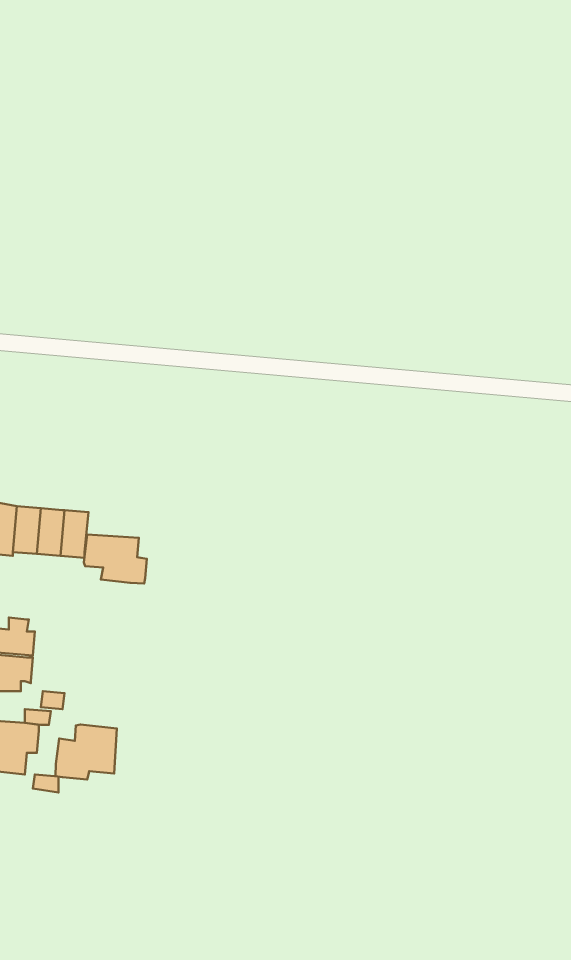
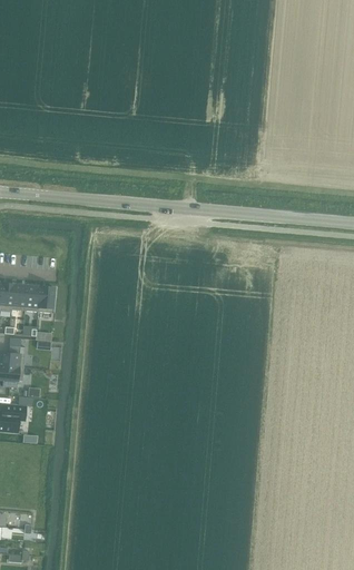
building: [84,534,147,583] -> none
building: [56,724,117,779] -> none

